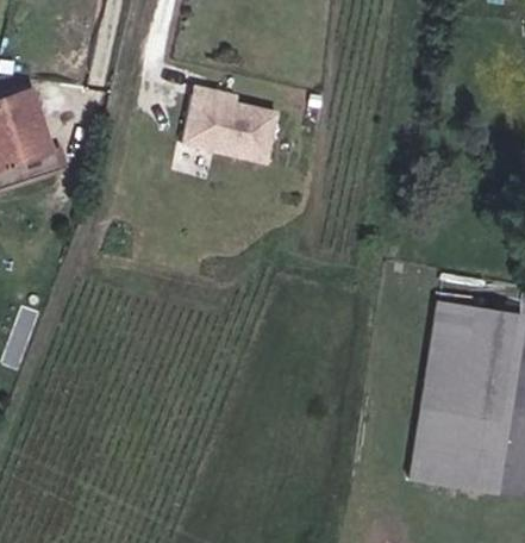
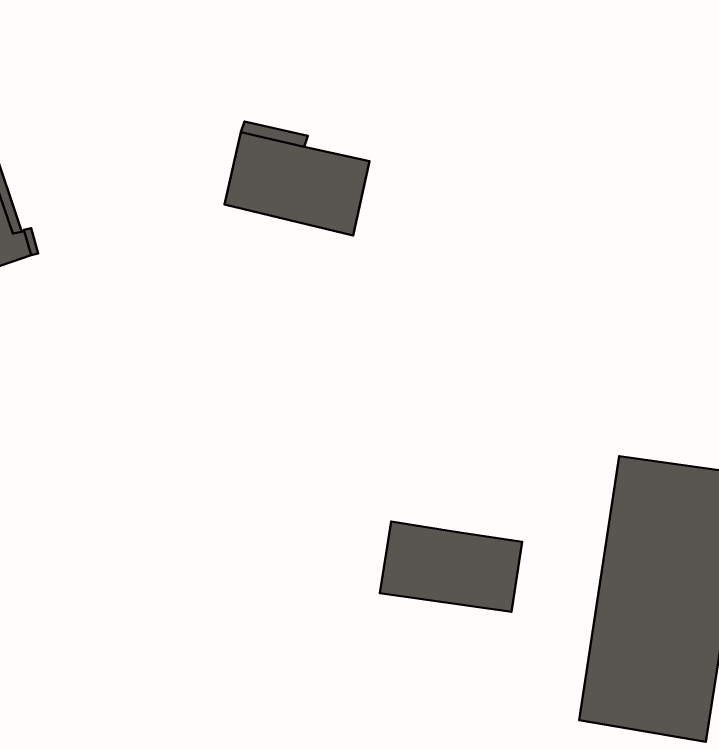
building: none -> [380,522,522,612]

